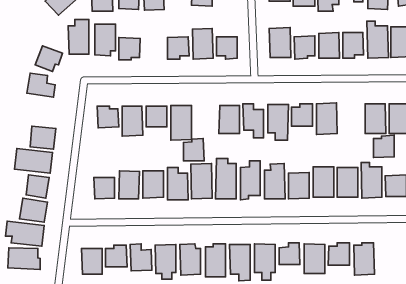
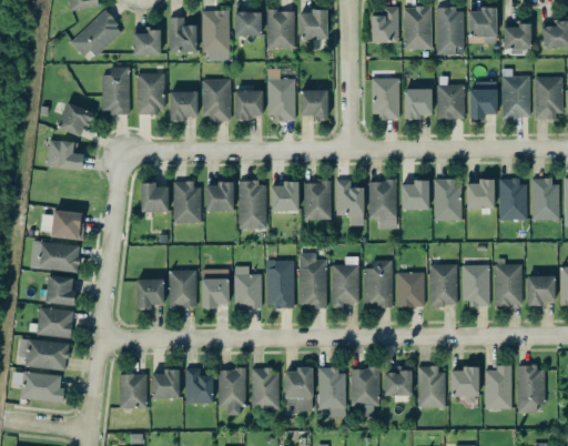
building: none -> [202,79,231,120]
building: [373,135,394,158] -> [466,179,494,209]
building: [183,138,204,161] -> [271,181,298,211]
building: none -> [516,366,545,413]

